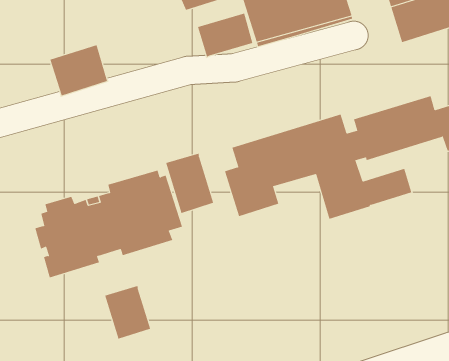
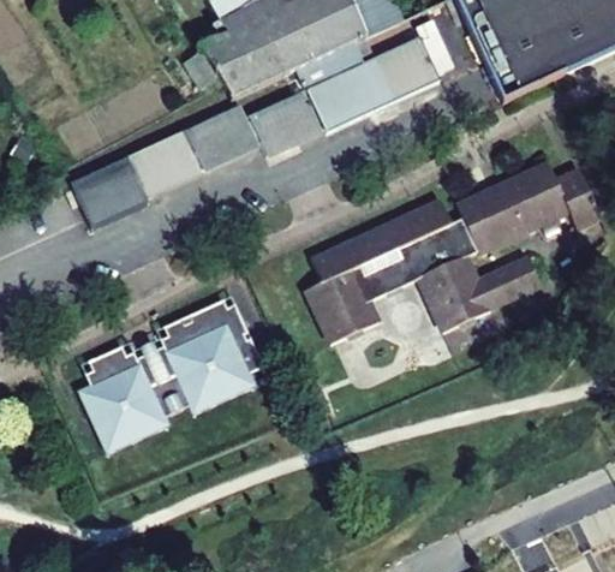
building: none -> [127,105,257,195]
building: [166,153,214,214] -> none
building: [105,285,151,340] -> none

